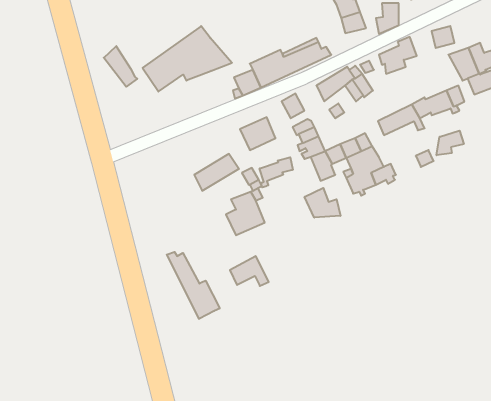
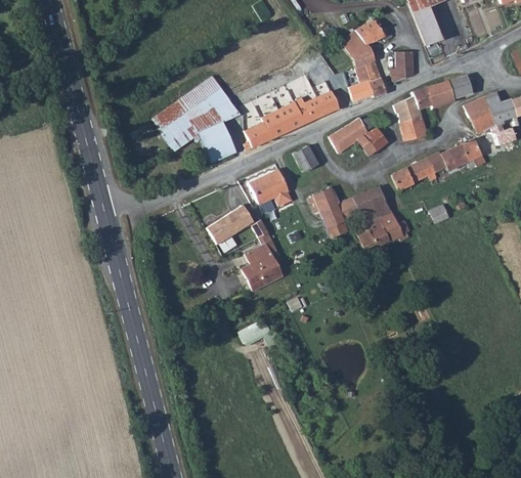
building: none -> [348,79,387,101]
building: none -> [426,81,453,107]
building: [104,46,137,87] -> none
building: none -> [401,118,427,141]
building: none -> [198,122,234,163]
building: [437,131,464,155] -> none
building: [260,157,293,187] -> none
building: [305,188,340,218] -> none
building: [167,252,220,319] -> none

